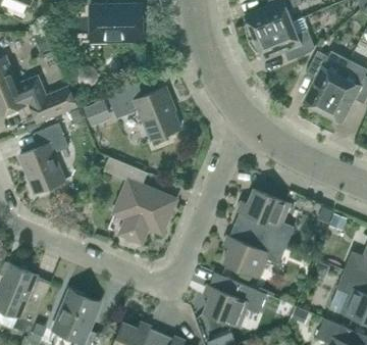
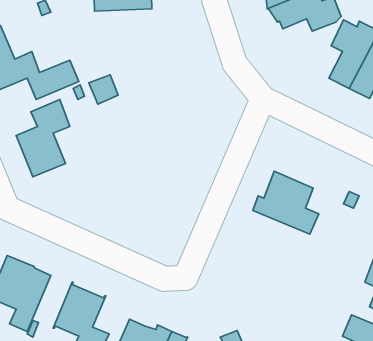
building: [107,83,180,141] -> none
building: [104,156,175,245] -> none
building: [223,224,286,278] -> none
building: [204,273,267,327] -> none

